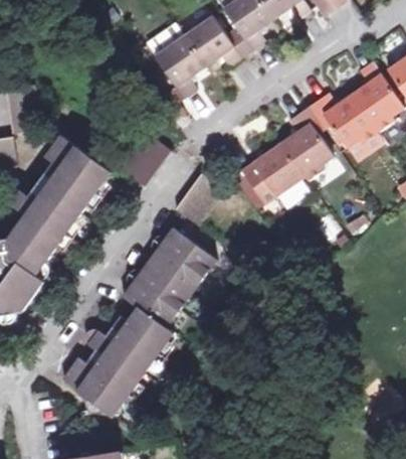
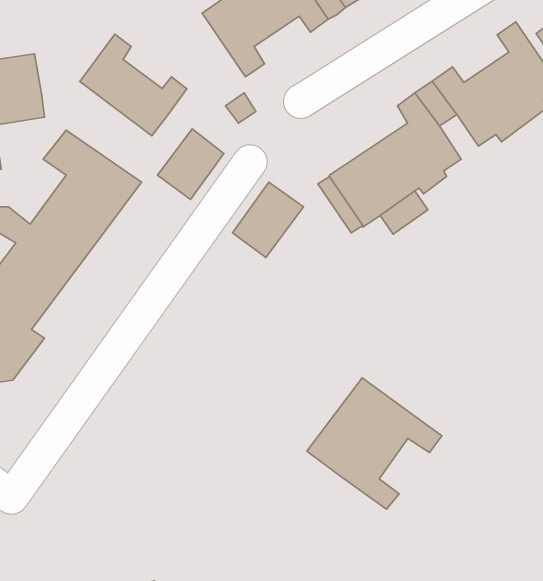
building: none -> [80,34,187,136]
building: [60,226,216,416] -> none
building: none -> [307,378,442,509]

